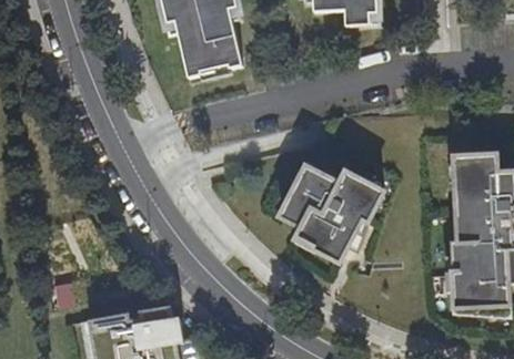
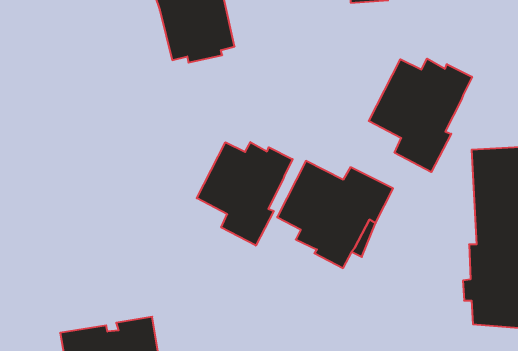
building: none -> [369,59,472,172]
building: none -> [197,142,293,246]

